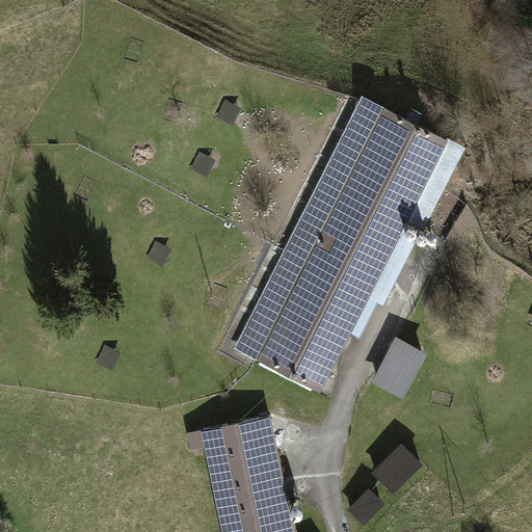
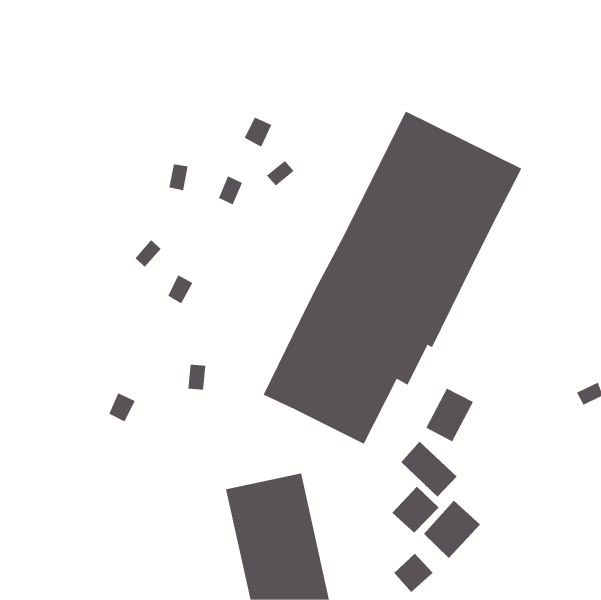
building: none -> [400,441,458,498]
building: none -> [392,486,440,533]

